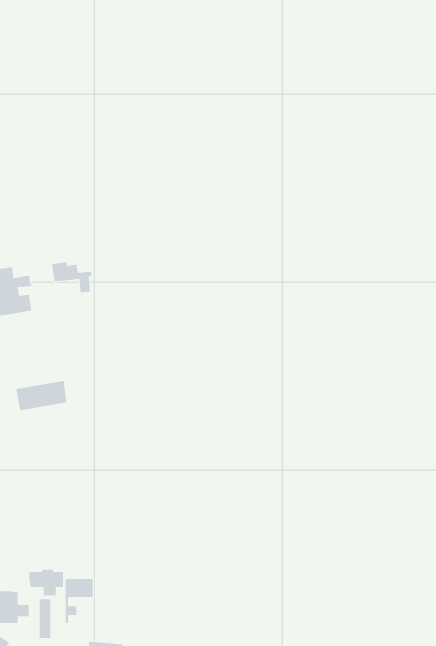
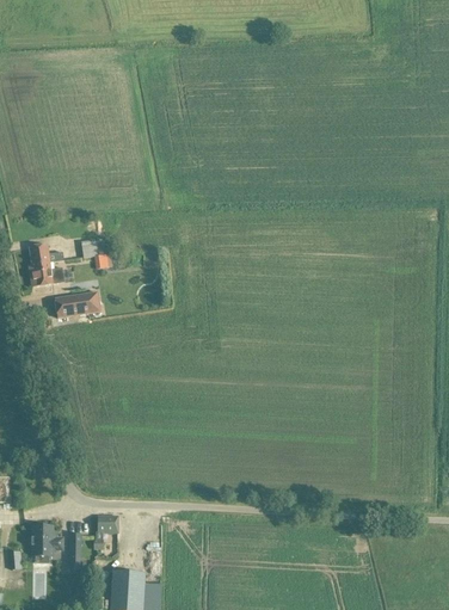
building: [15,381,67,411] -> [55,291,100,318]
building: [29,569,63,596] -> none

